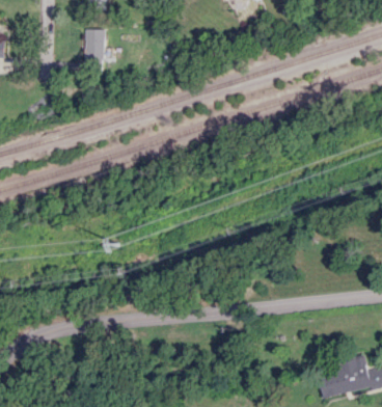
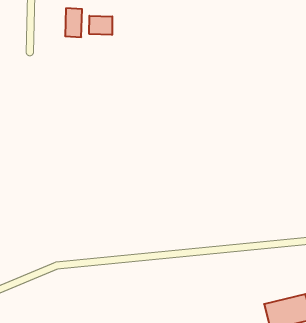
building: none -> [89,16,112,35]

